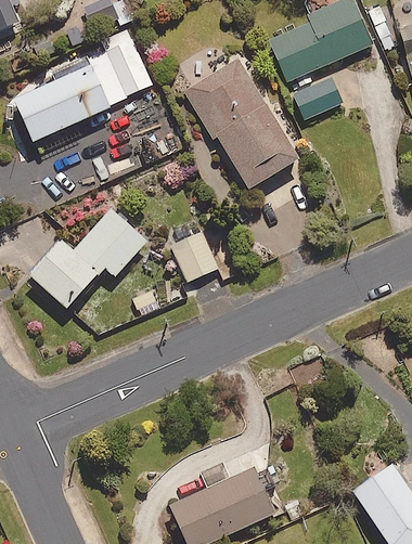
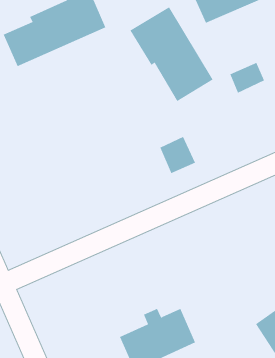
building: [294,78,342,120] -> [229,62,265,93]
building: [29,208,146,307] -> none
building: [172,231,221,282] -> [160,136,196,174]

